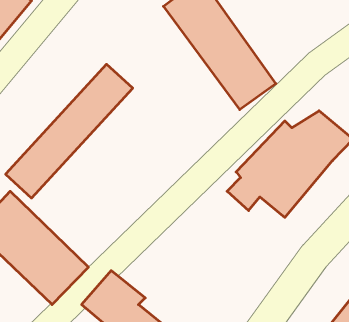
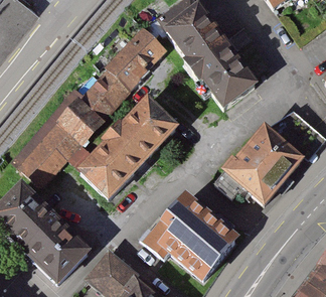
building: none -> [106,22,167,86]
building: none -> [77,92,182,198]
building: none -> [139,190,236,277]

